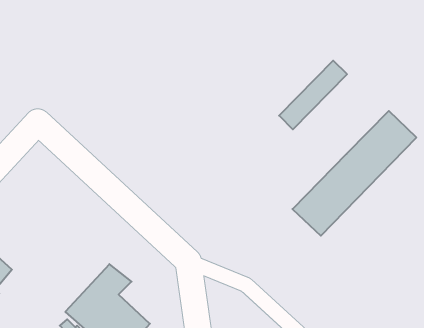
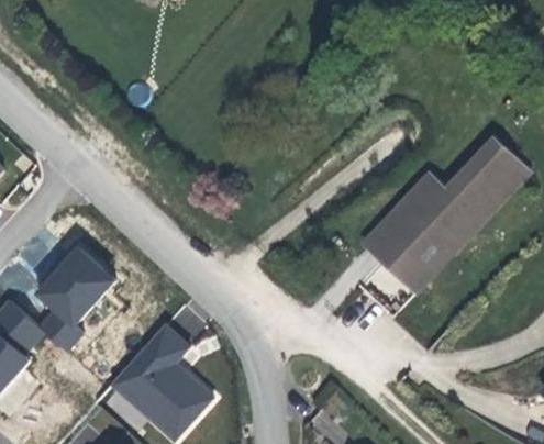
building: [279,61,347,129] -> [365,177,446,259]
building: none -> [38,249,113,351]

